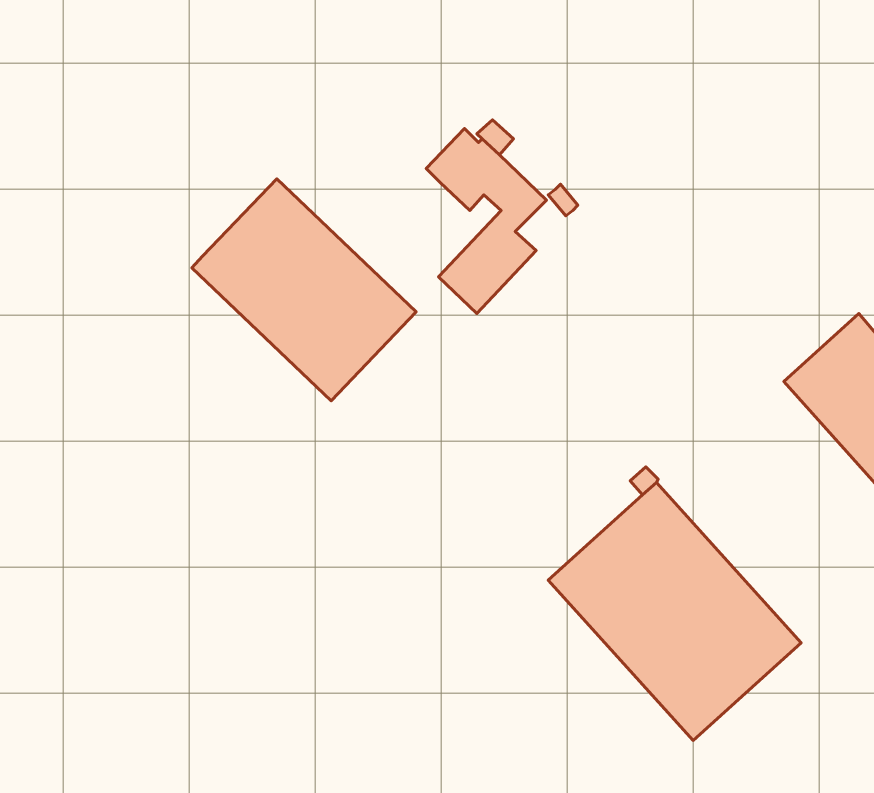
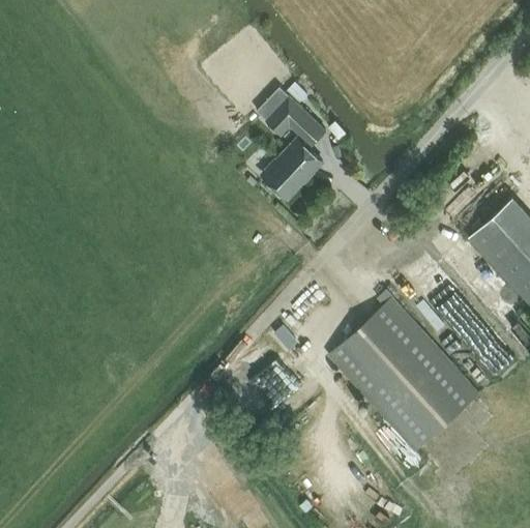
building: [192,179,416,401] -> none

